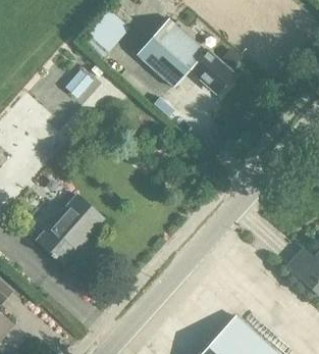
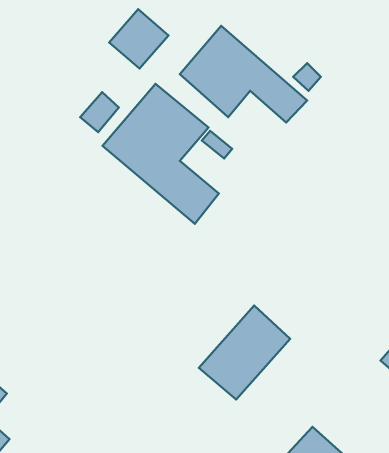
building: none -> [102,84,219,224]
building: [36,195,103,264] -> [199,306,290,400]

